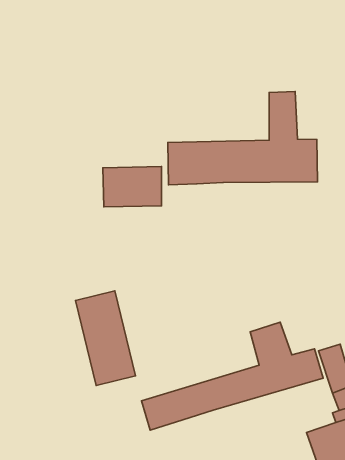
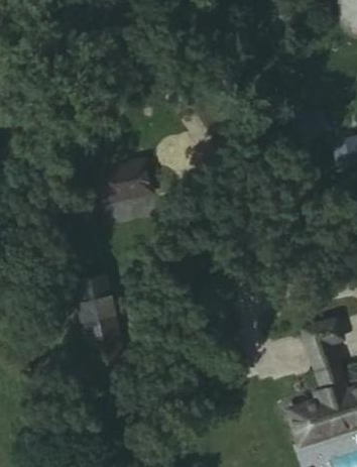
building: [168,91,317,185] -> none
building: [141,322,323,430] -> none

